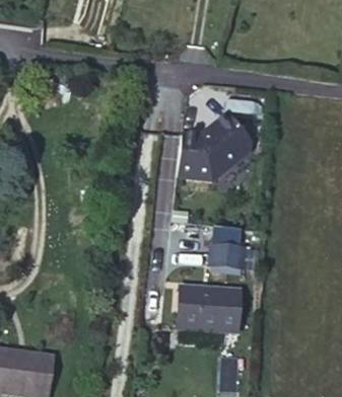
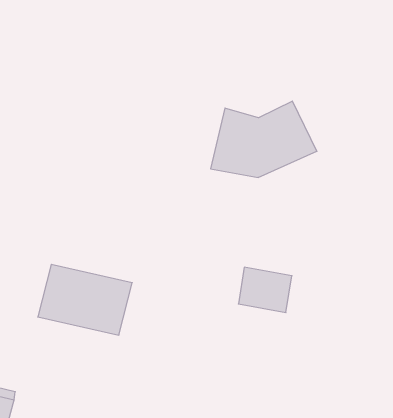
building: [177,285,243,330] -> [38,264,132,335]

